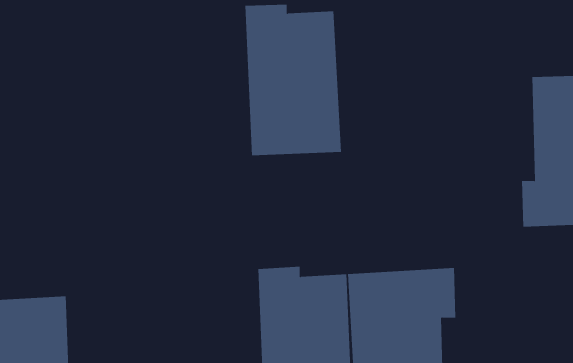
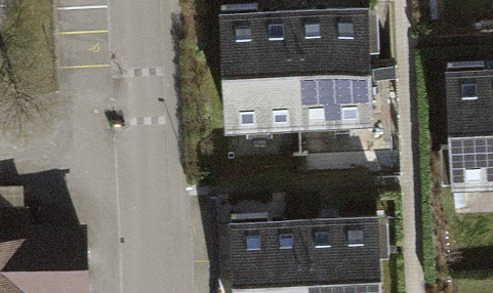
building: none -> [294,9,380,125]

